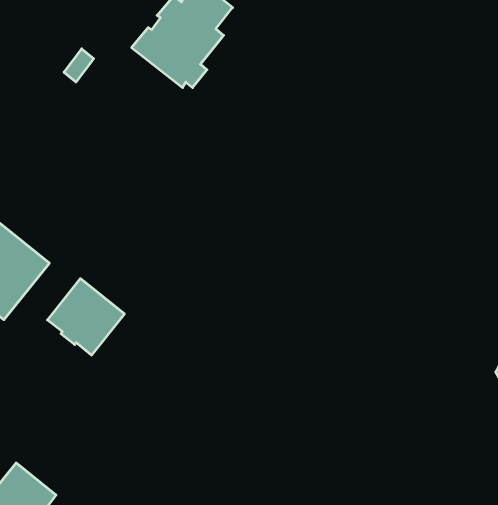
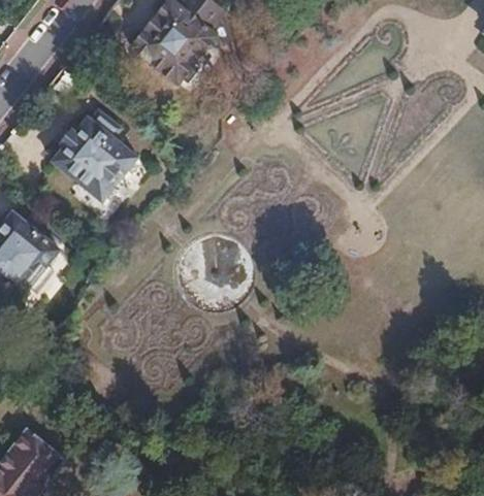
building: none -> [50,109,135,200]
building: [47,279,124,355] -> none

